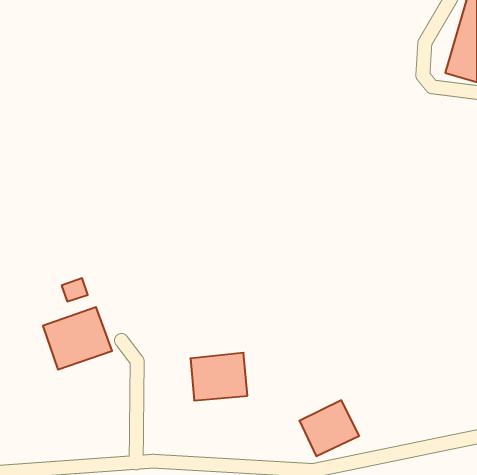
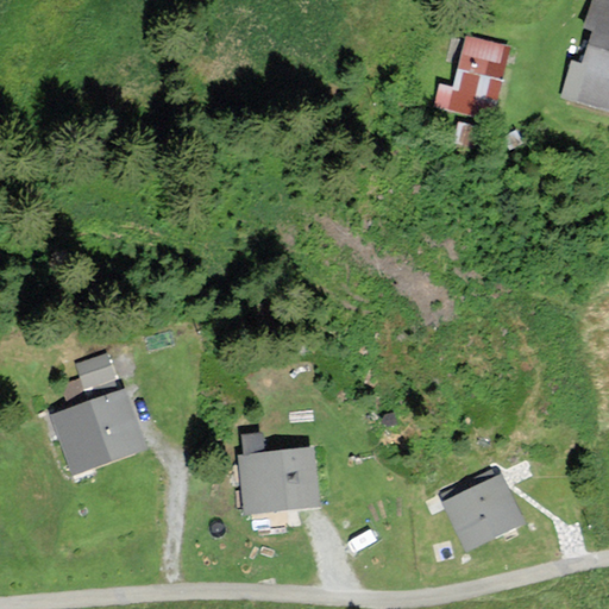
building: none -> [438,37,507,114]
building: [299,400,359,456] -> [446,477,522,548]

